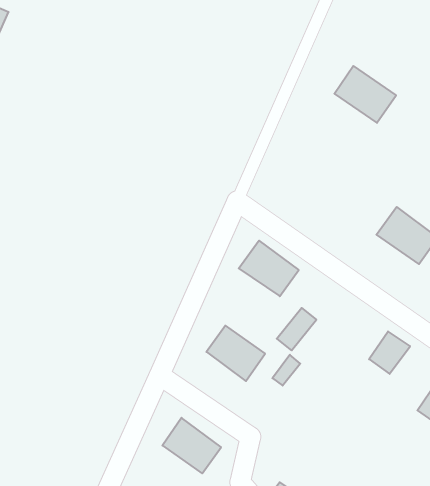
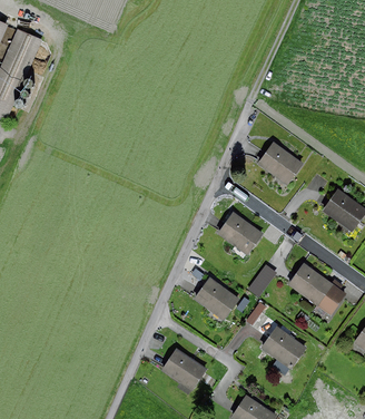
building: [334,66,396,123] -> [255,140,302,184]
building: none -> [286,261,331,303]
building: none -> [263,329,308,371]

